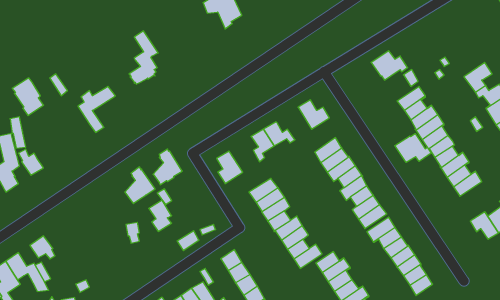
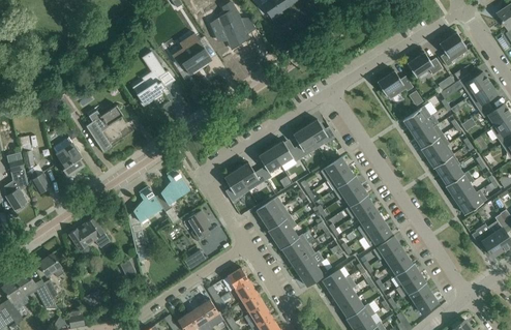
building: none -> [172,32,212,73]
building: none -> [439,32,468,66]
building: none -> [407,52,442,77]
building: none -> [458,71,489,96]
building: [12,78,44,116] -> [53,138,84,175]
building: none -> [293,126,318,158]
building: [395,134,431,162] -> none
building: none -> [236,161,266,190]
building: none -> [68,216,110,249]
building: [149,200,172,231] -> [187,210,210,241]

